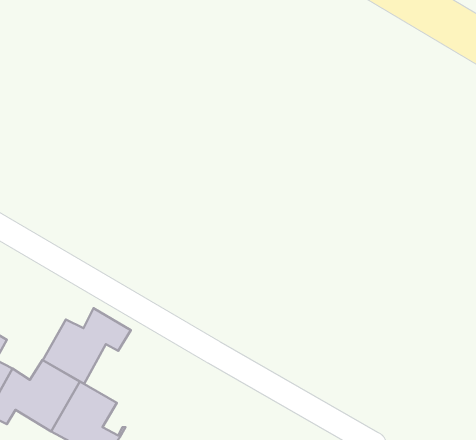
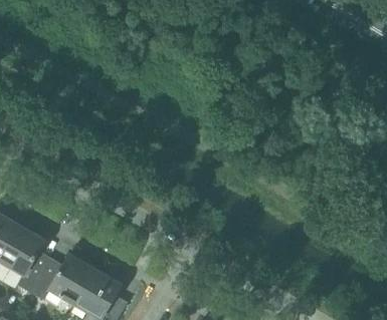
building: [43,308,131,384] -> none

